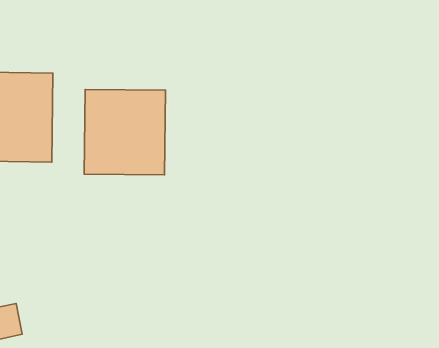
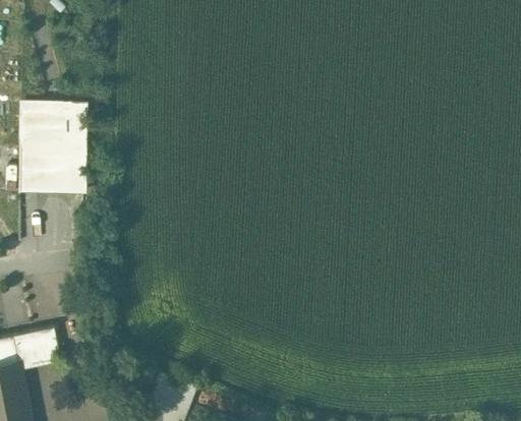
building: [84,90,166,175] -> none

